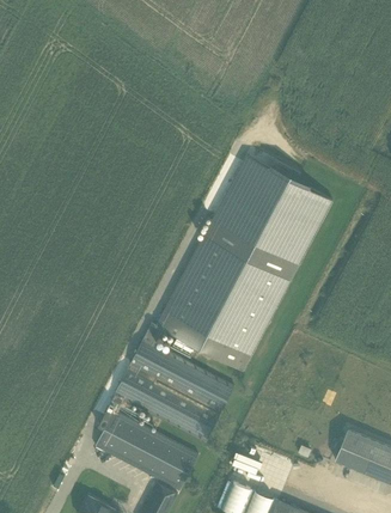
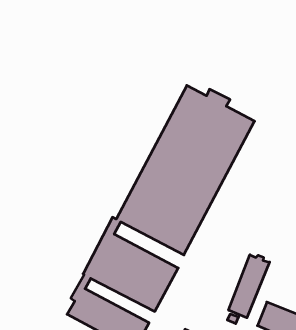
building: none -> [229,255,270,318]

